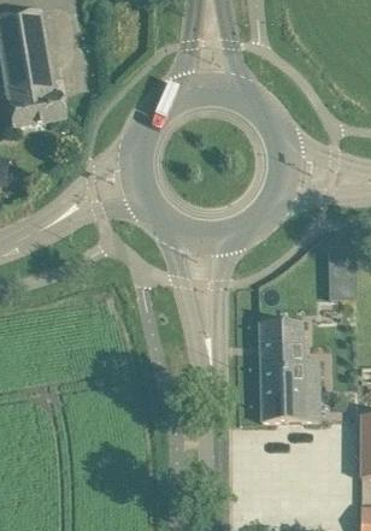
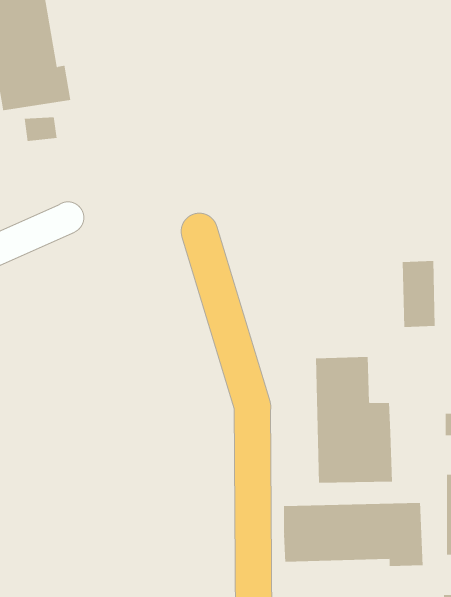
building: none -> [284,502,423,567]

